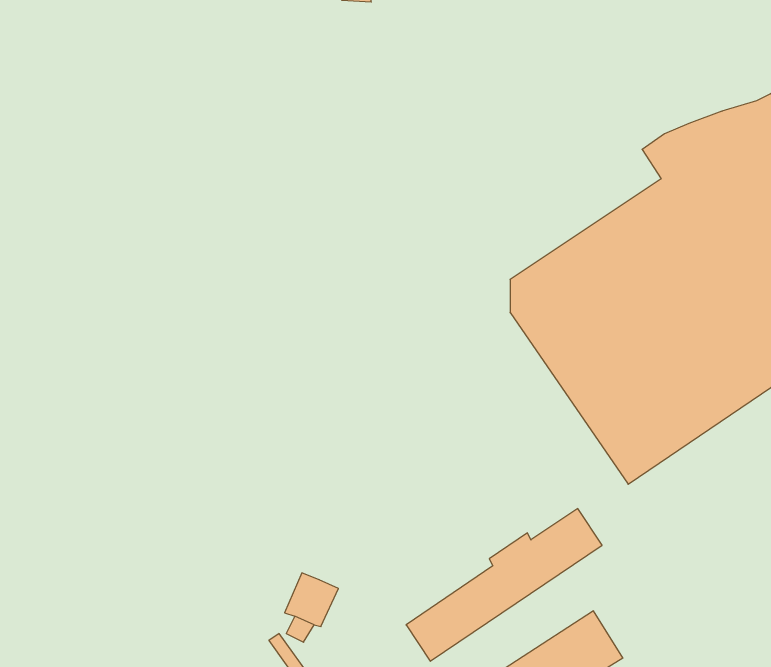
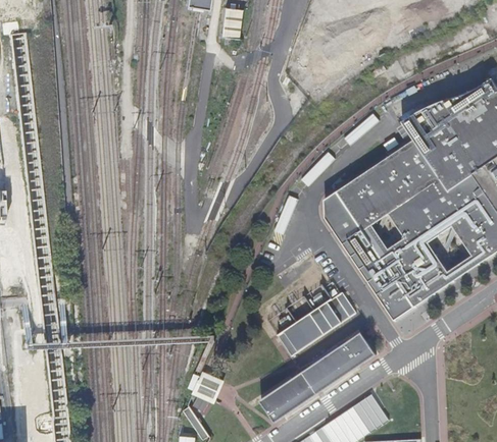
building: none -> [279,291,357,355]

